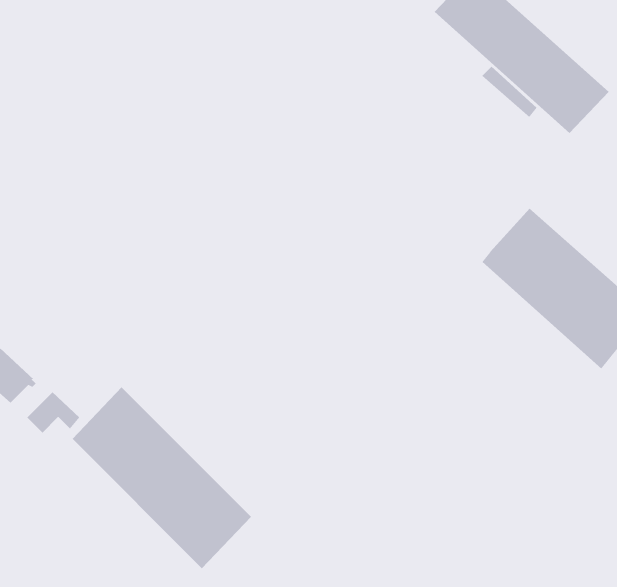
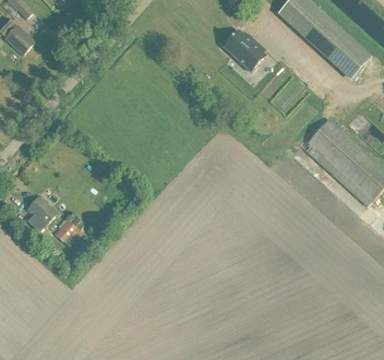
building: none -> [223,31,266,72]
building: [72,387,252,569] -> none

